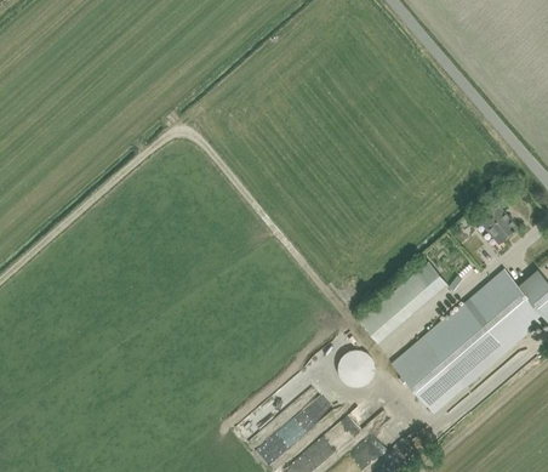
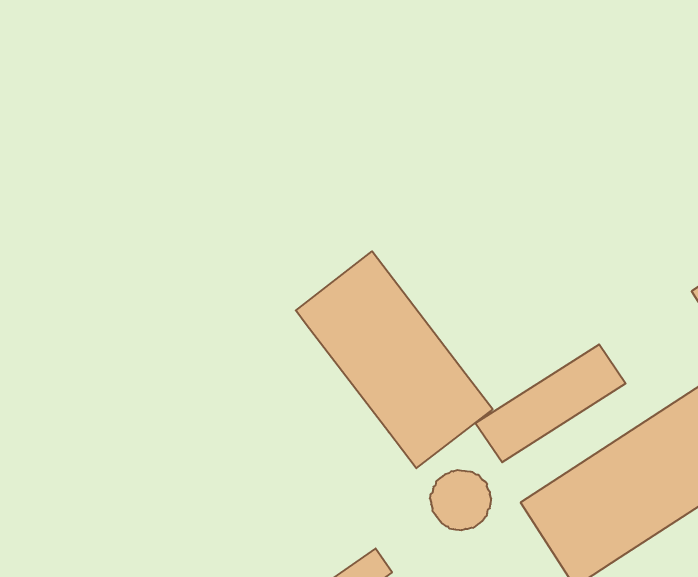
building: none -> [296,251,493,468]

